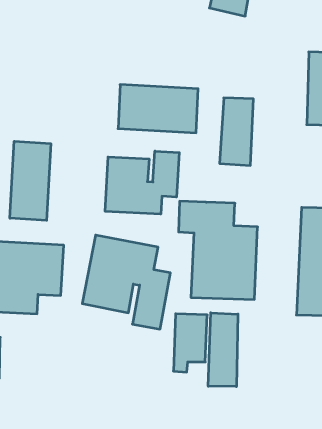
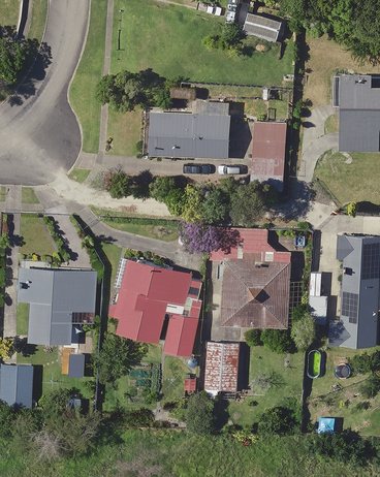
building: [10,141,51,220] -> none
building: [105,151,179,214] -> none
building: [208,313,238,387] -> none

